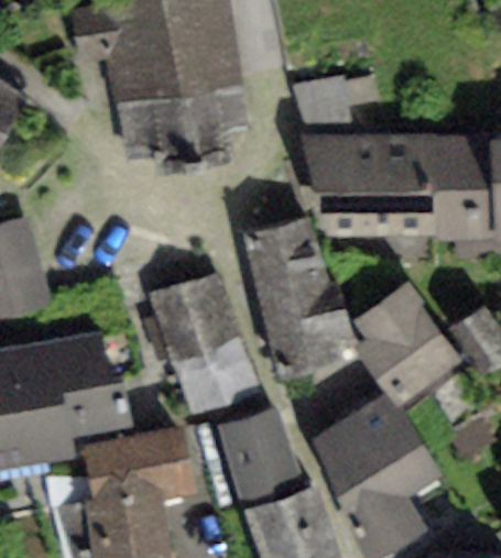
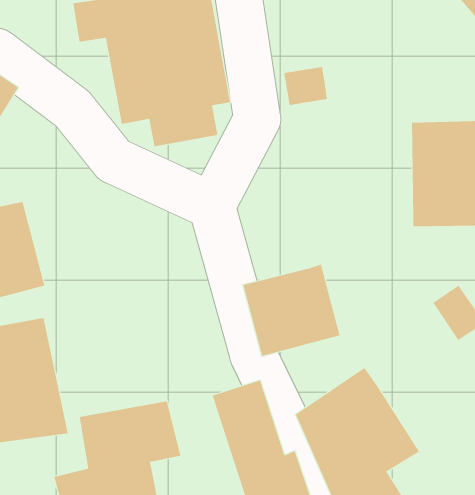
building: [301,135,434,234] -> none
building: [240,220,326,305] -> none
building: [155,274,253,405] -> none
building: [351,283,464,409] -> none
building: [50,332,132,438] -> none

